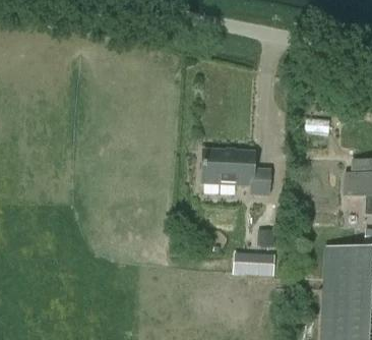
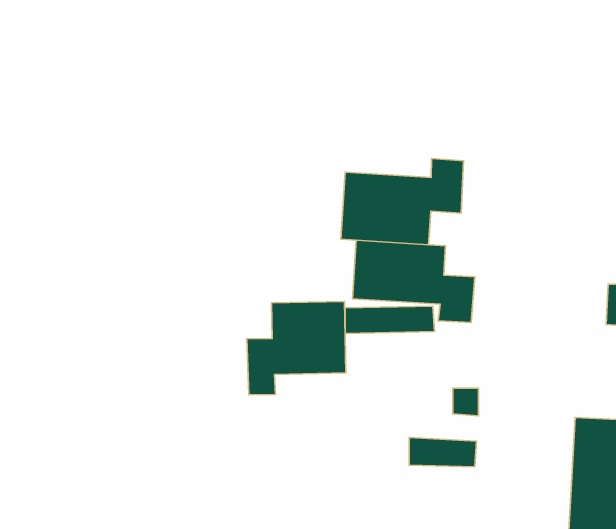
building: none -> [341,159,464,245]
building: none -> [247,302,346,395]

